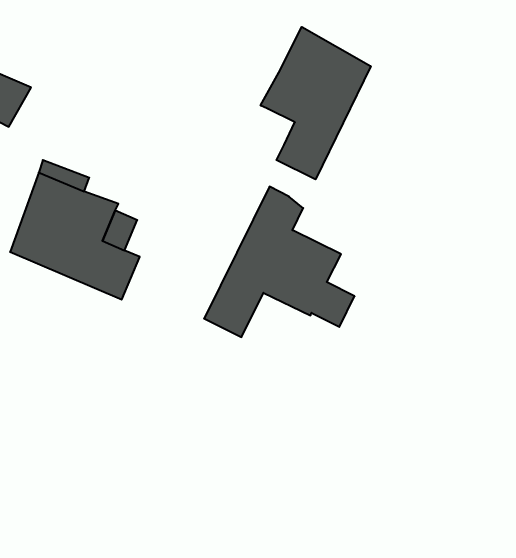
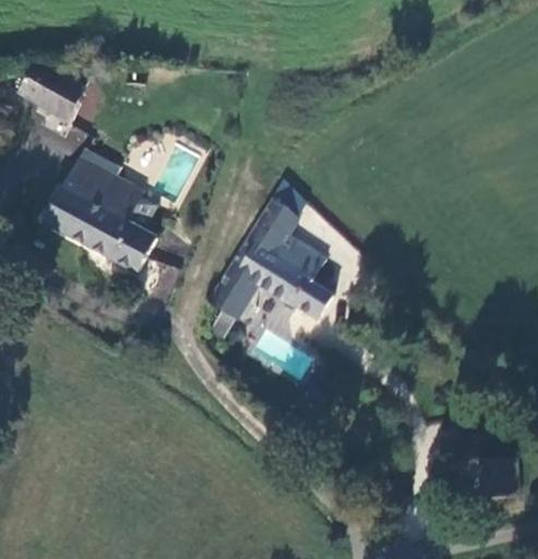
building: [261,27,371,179] -> none

